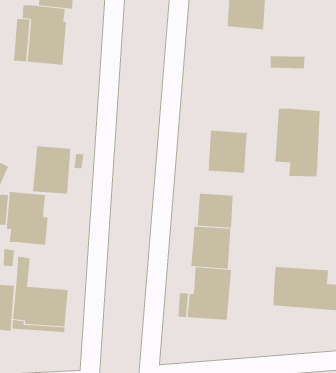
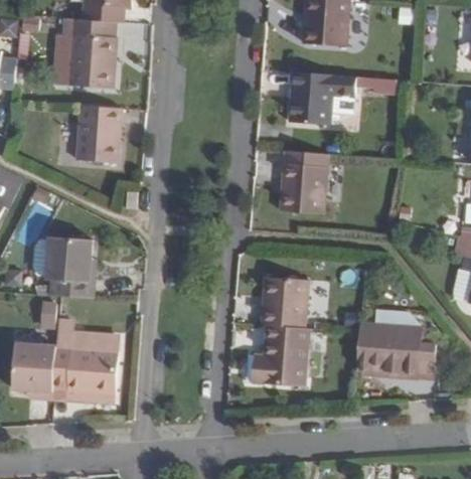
building: none -> [289,71,333,125]
building: [275,108,320,177] -> none
building: [32,146,71,194] -> [76,105,122,161]
building: [197,193,233,229] -> none

